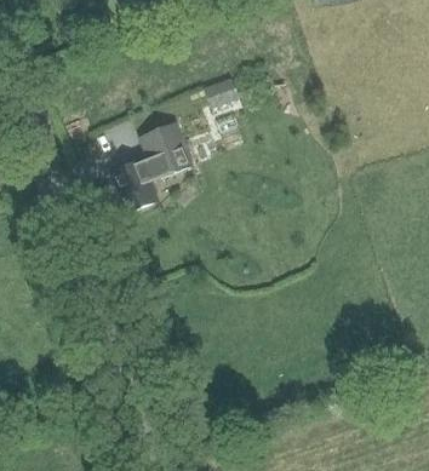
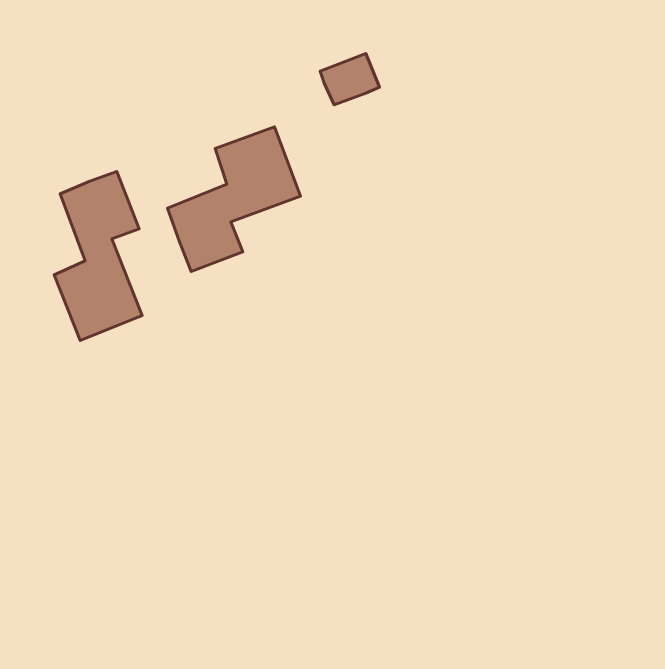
building: none -> [54,171,142,341]

